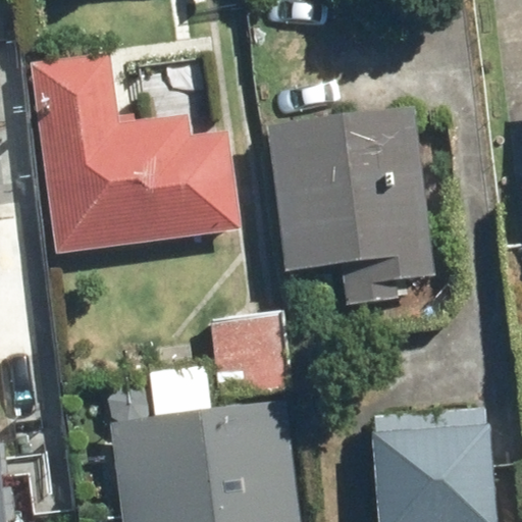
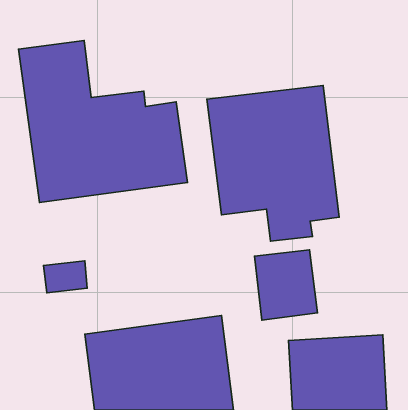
building: [210,309,290,398] -> [255,250,318,320]

